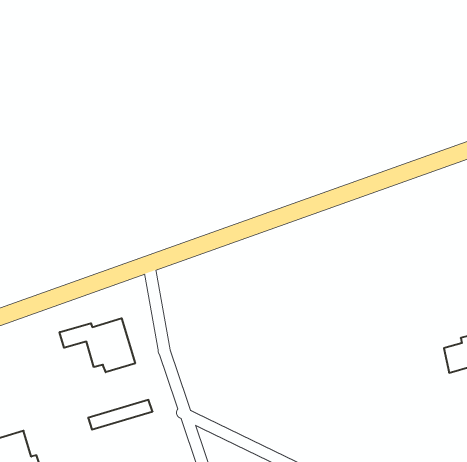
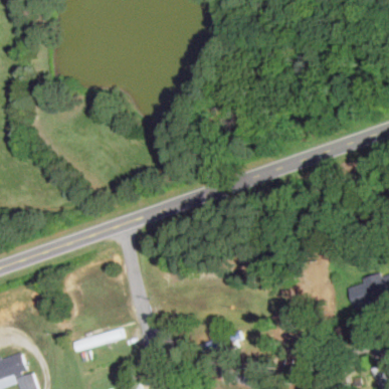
building: [60,318,135,372] -> none

